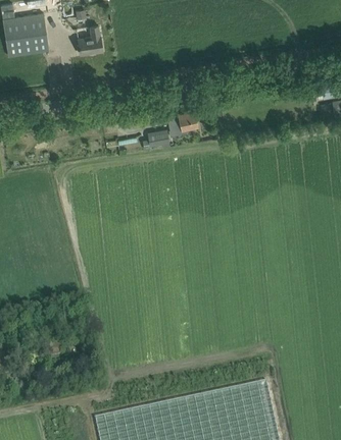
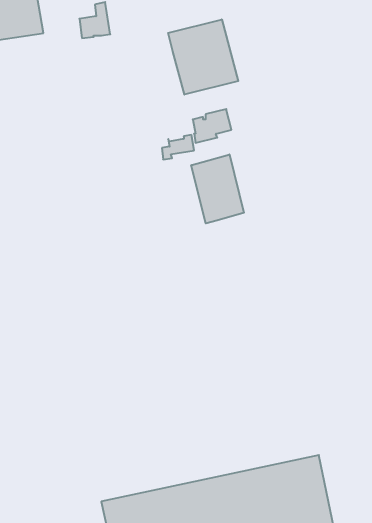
building: none -> [168,19,238,95]
building: none -> [191,154,244,223]

